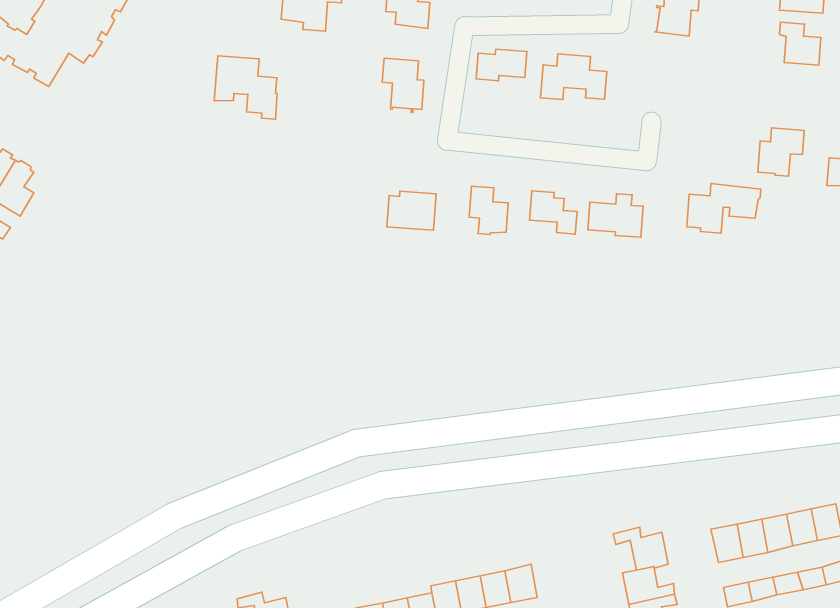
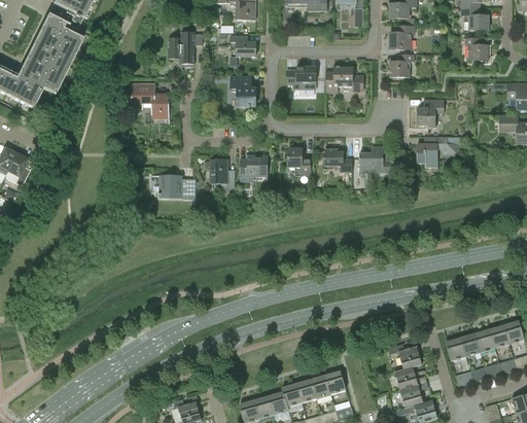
building: none -> [390,54,414,77]
building: [758,128,804,176] -> [418,99,444,127]
building: none -> [211,161,235,189]
building: none -> [157,175,196,199]

